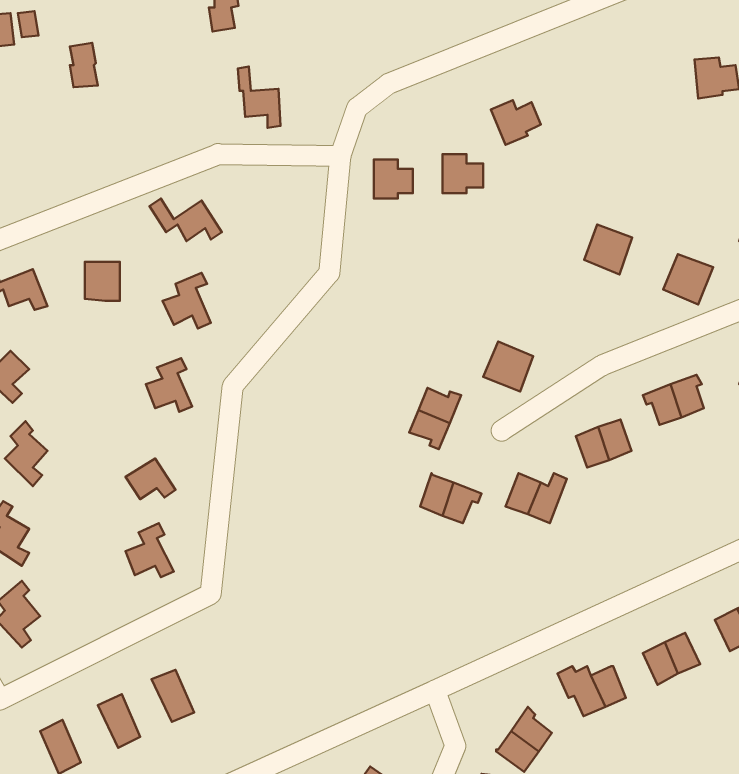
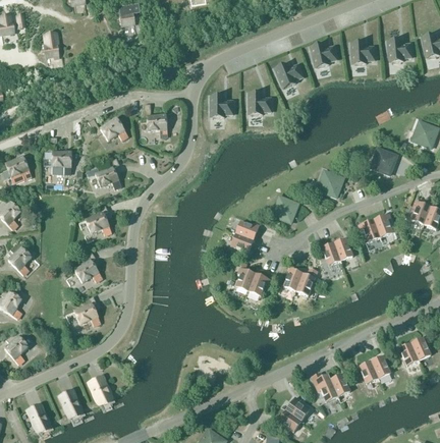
building: none -> [351,42,374,64]
building: none -> [311,44,336,67]
building: [238,67,280,128] -> [144,103,167,136]
building: [584,225,632,275] -> [317,170,343,198]

